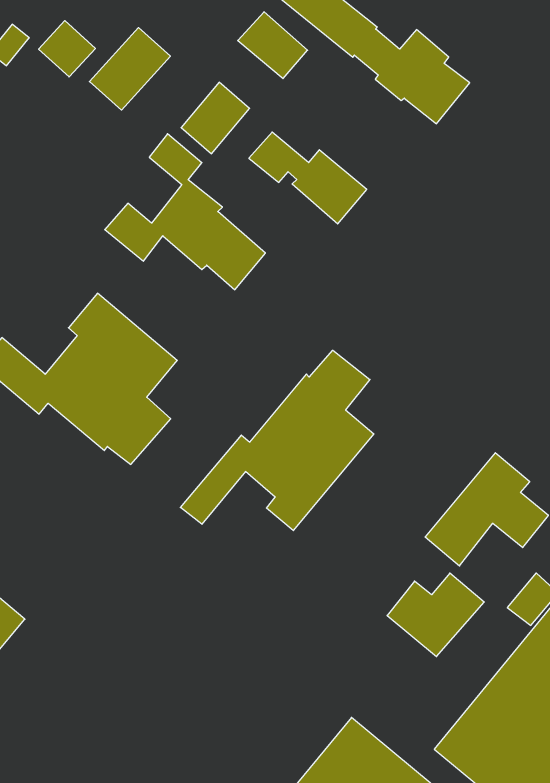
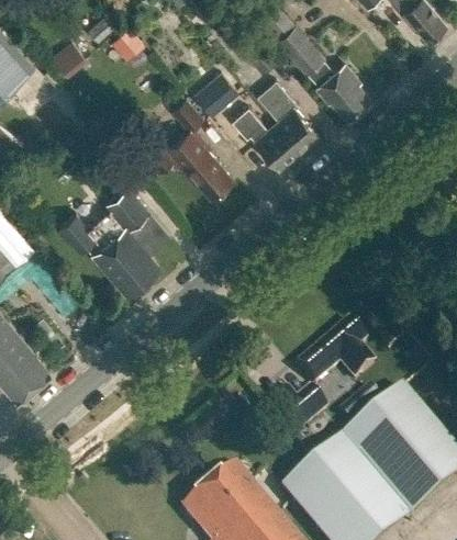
building: [89,28,170,110] -> none
building: none -> [255,83,319,153]
building: [180,350,374,531] -> none

